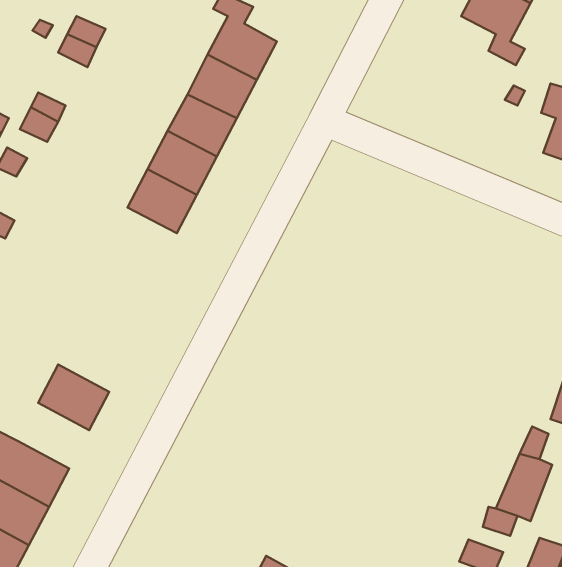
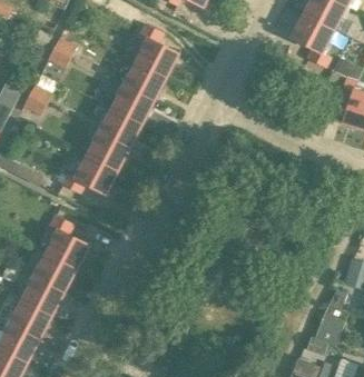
building: none -> [62,156,118,195]
building: none -> [46,214,89,268]
building: none -> [21,275,65,315]

